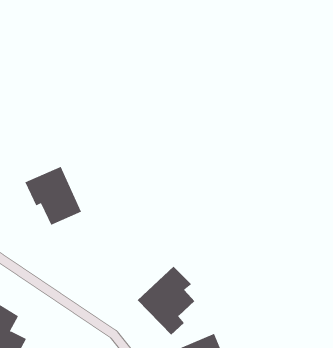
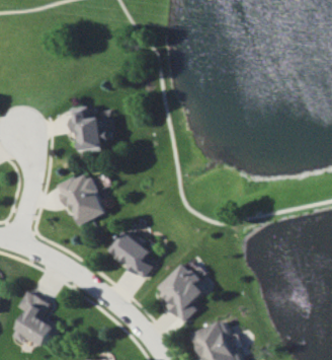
building: none -> [70,106,105,152]
building: none -> [110,230,155,277]

